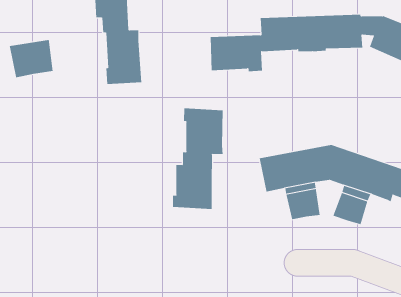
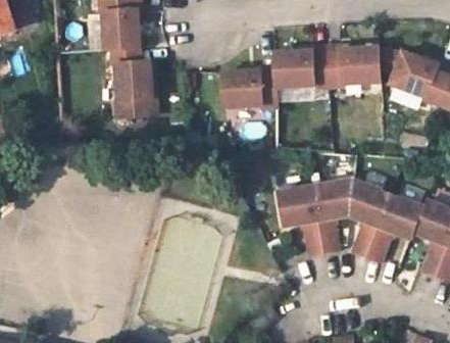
building: [9,39,53,78] -> none
building: [172,108,223,210] -> none

